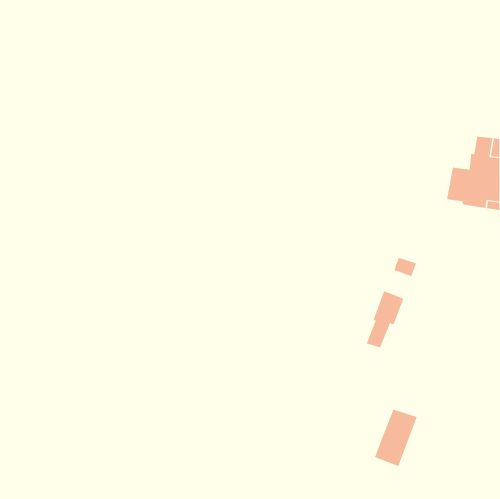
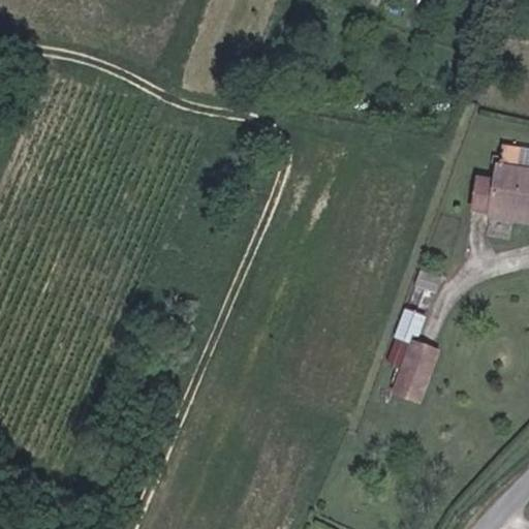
building: [374,409,417,467] -> [393,342,438,403]

